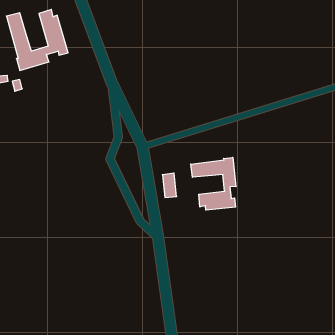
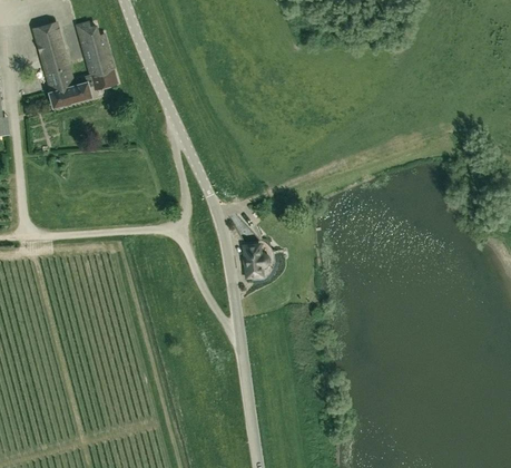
building: [191,157,236,210] -> none

